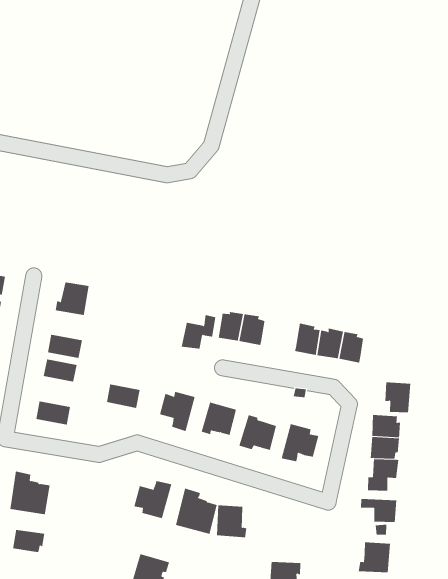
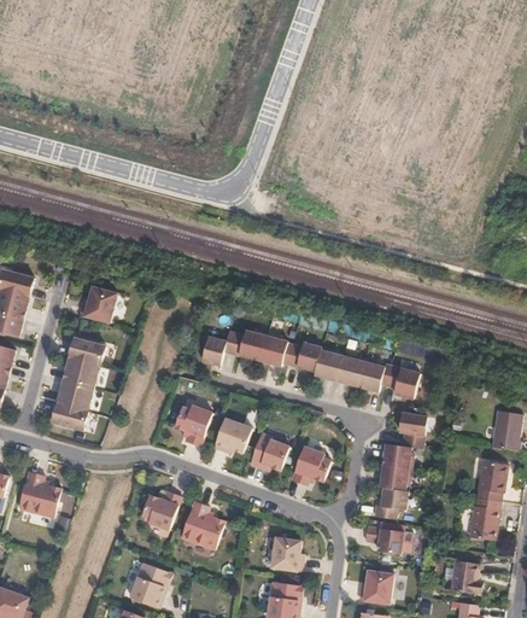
building: none -> [286,342,320,371]
building: none -> [383,365,417,398]
building: [106,384,140,408] -> [57,379,92,406]
building: [216,505,247,538] -> [271,536,303,571]
building: [12,529,45,553] -> none

